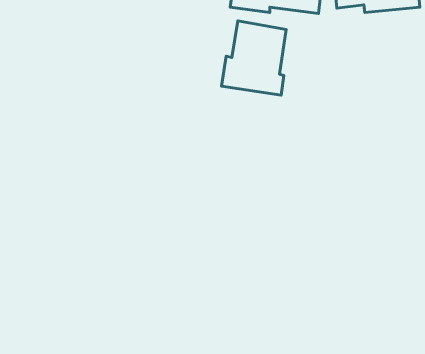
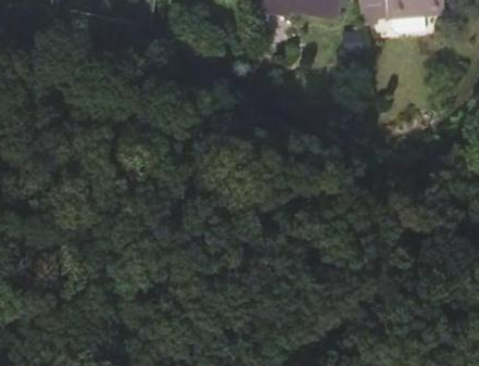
building: [221,21,286,95] -> none

